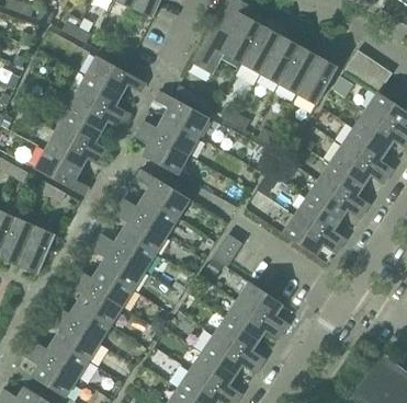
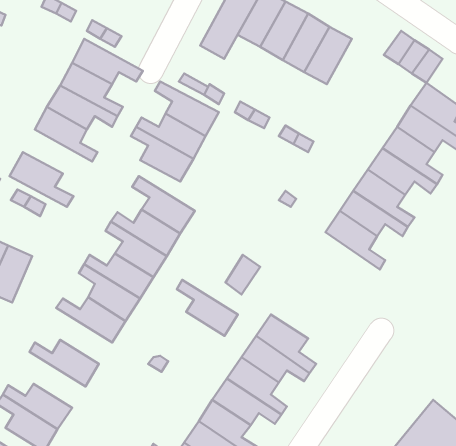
building: [296,56,337,104] -> none
building: [46,130,103,166] -> none
building: [283,215,340,254] -> none
building: [69,277,120,323] -> [177,280,238,336]
building: [47,313,98,359] -> none

